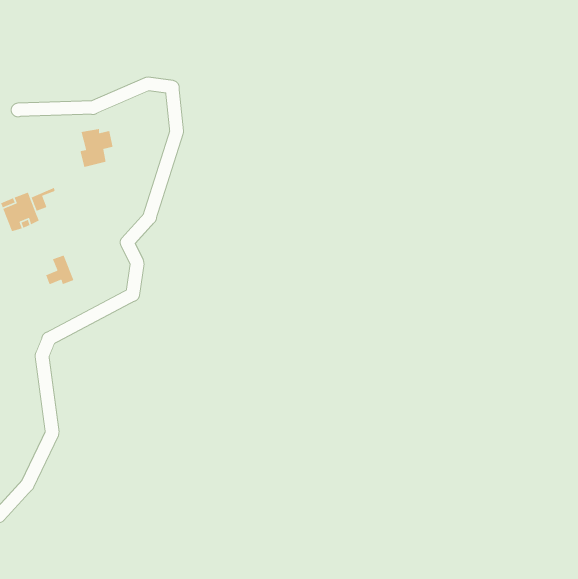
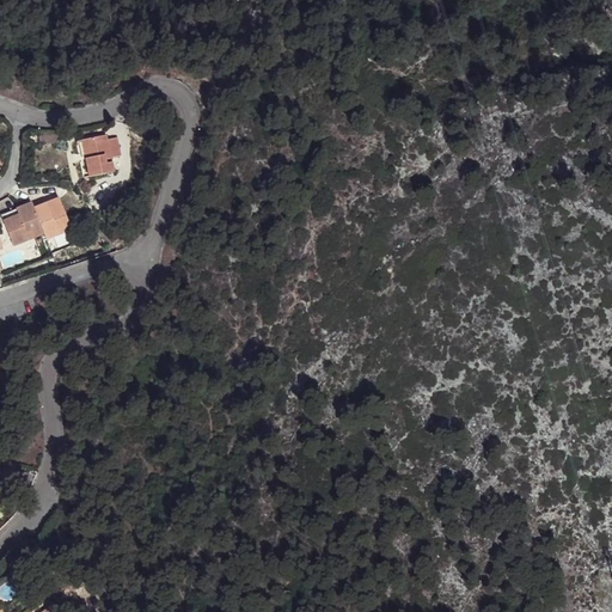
building: [45,254,75,285] -> [38,202,69,234]

